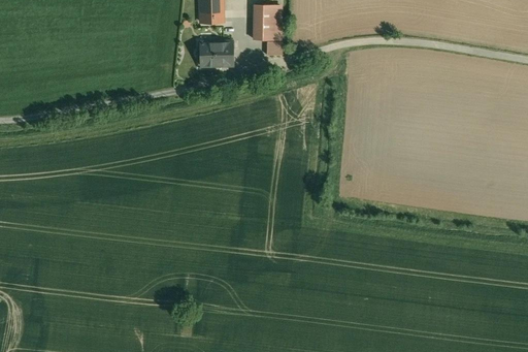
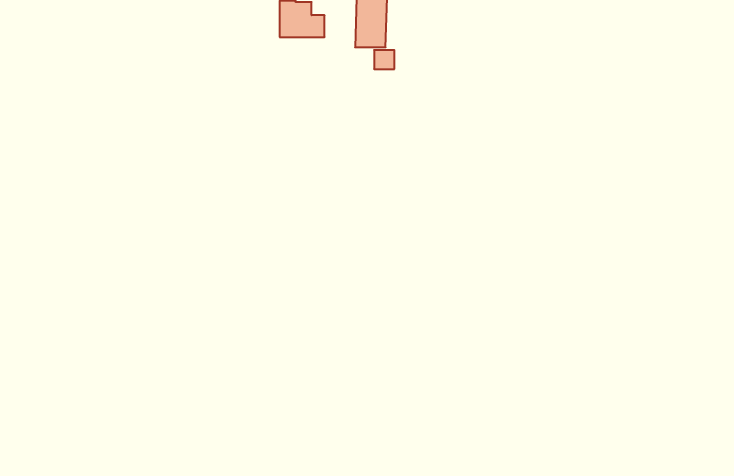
building: [199,39,233,65] -> none

